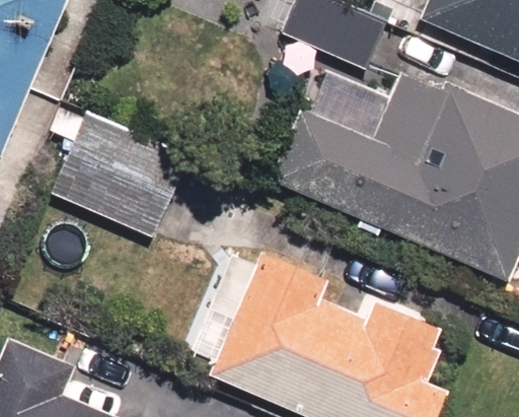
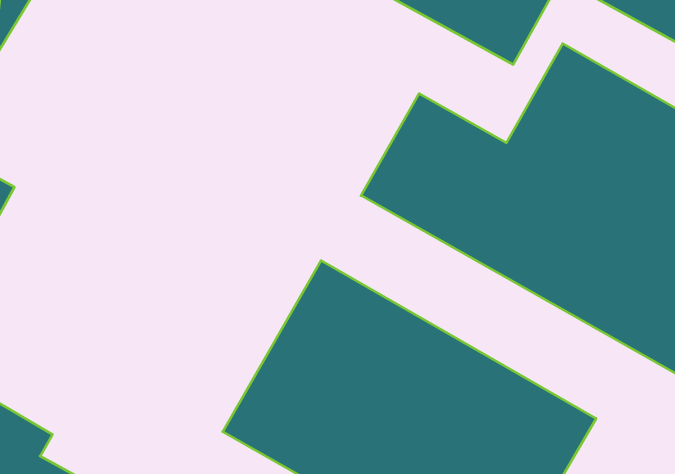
building: [57,97,184,234] -> none

